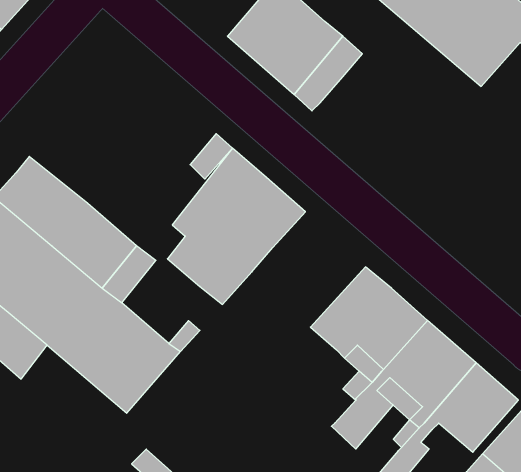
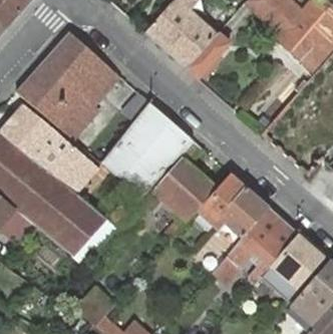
building: none -> [16,31,115,138]
building: none -> [144,158,217,221]

